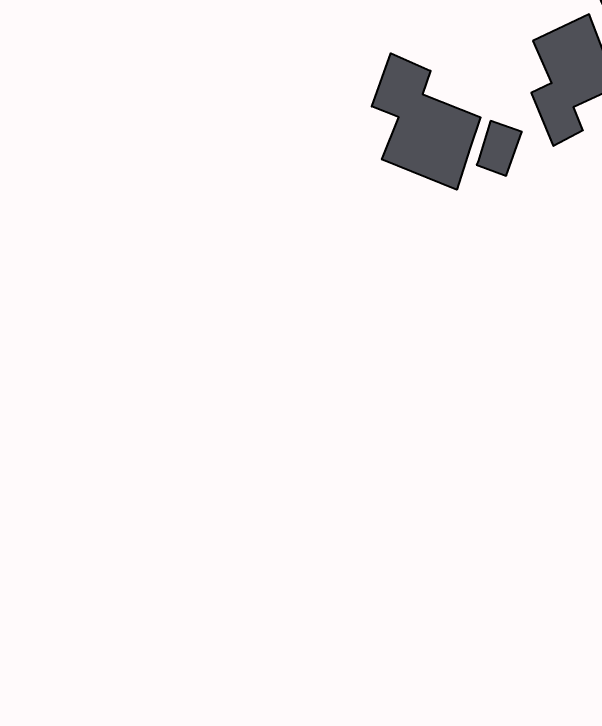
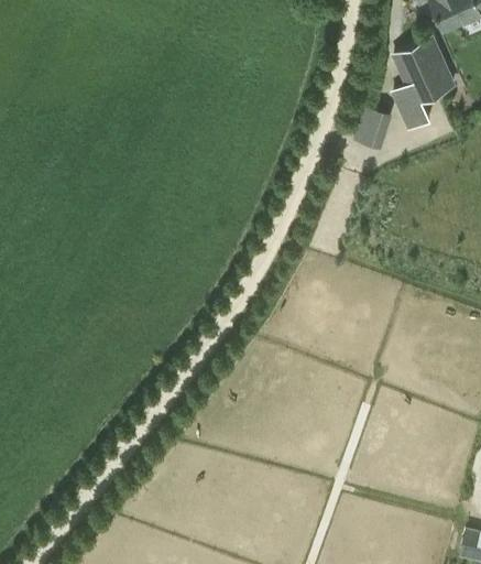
building: [372,53,481,190] -> none

